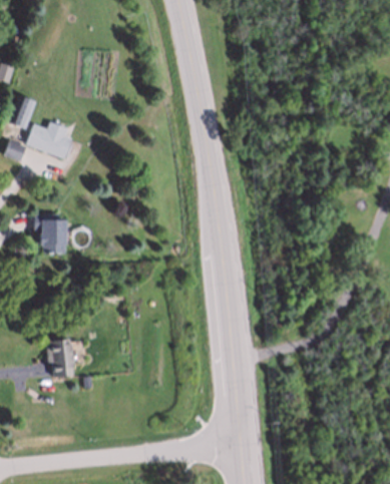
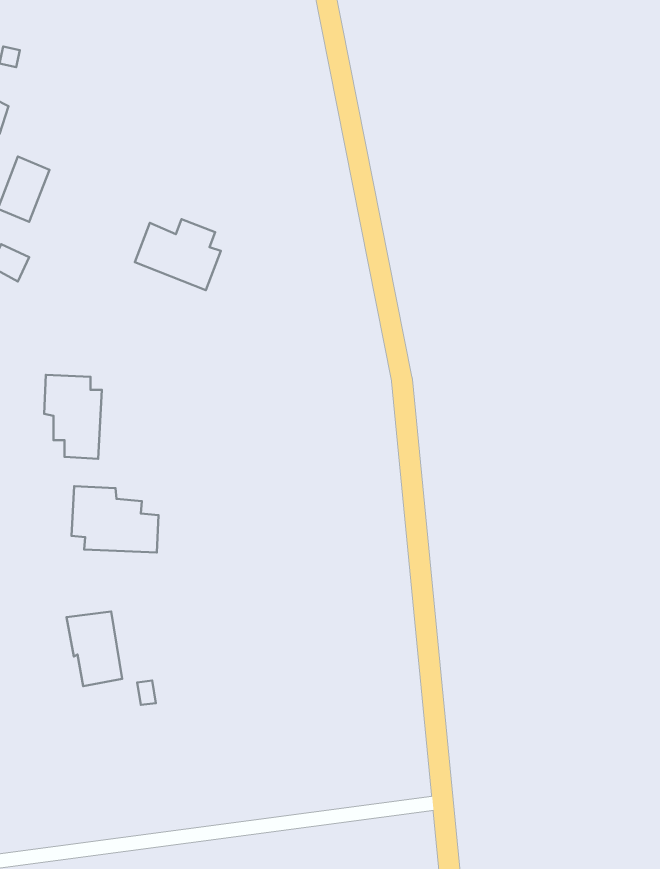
building: [26,121,72,159] -> [135,219,221,290]
building: none -> [72,486,158,552]

